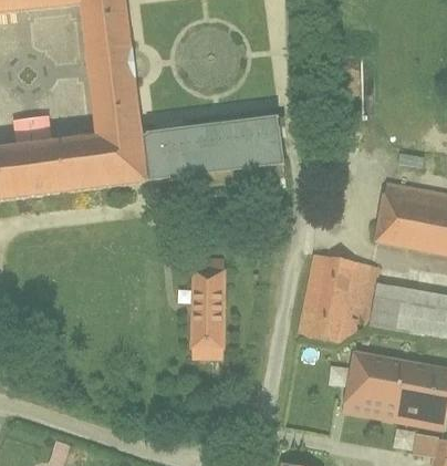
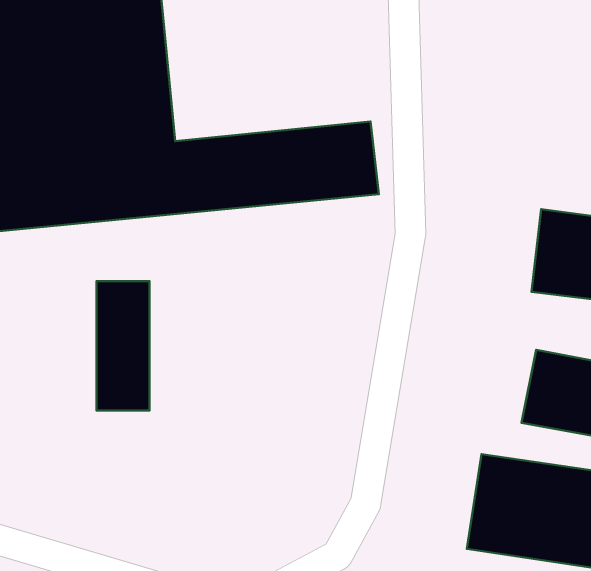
building: [298,250,377,339] -> none
building: [189,273,225,360] -> [96,281,149,410]

